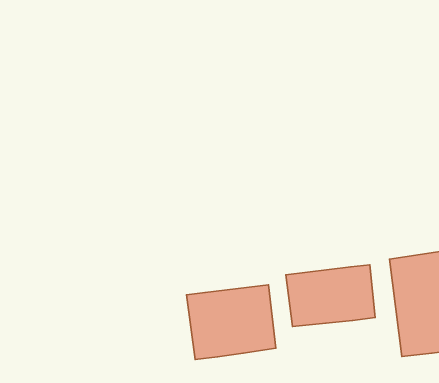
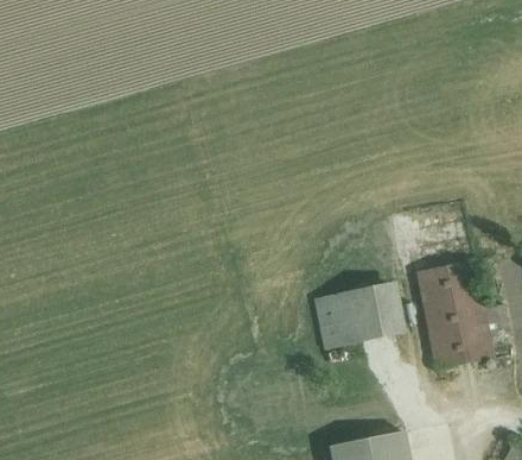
building: [186,285,276,359] -> none

